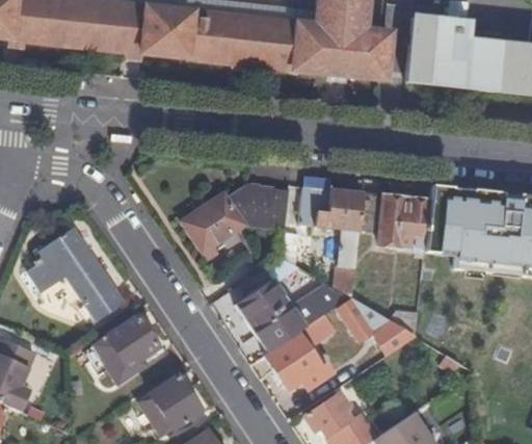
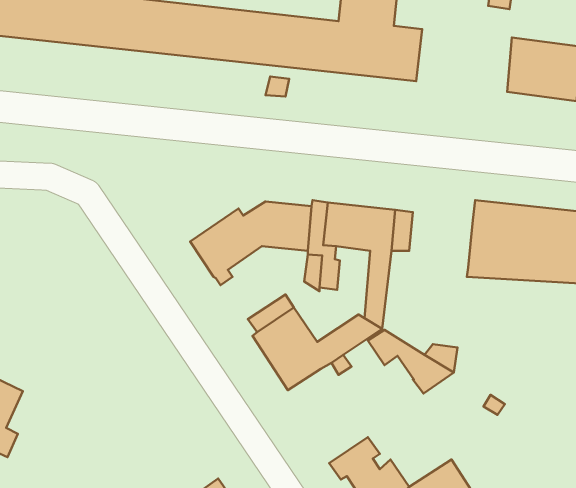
building: [405,18,468,88] -> none
building: [380,198,432,243] -> none
building: [29,228,124,320] -> none
building: [97,315,159,383] -> none
building: [265,333,321,389] -> none
building: [138,372,201,434] -> none

